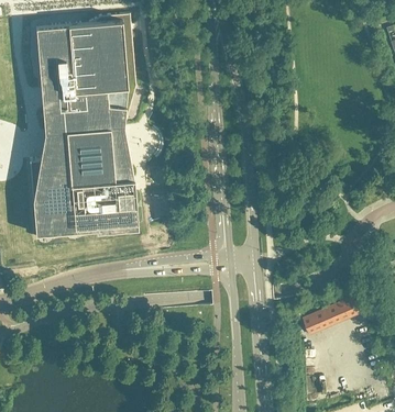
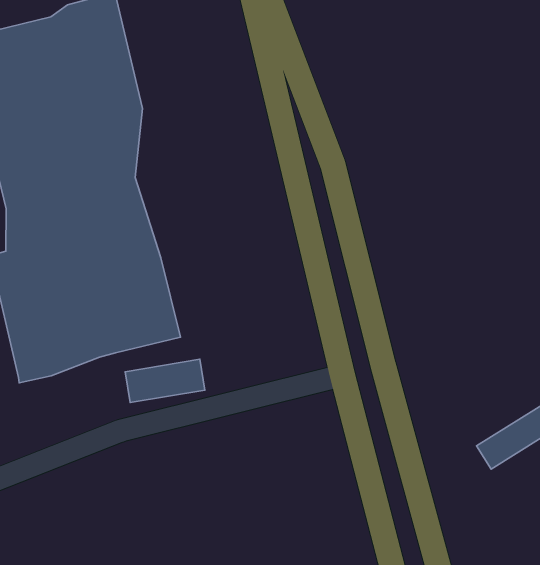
building: none -> [125,359,205,403]

